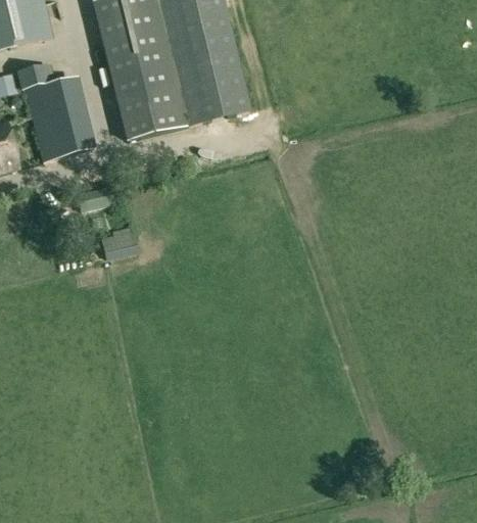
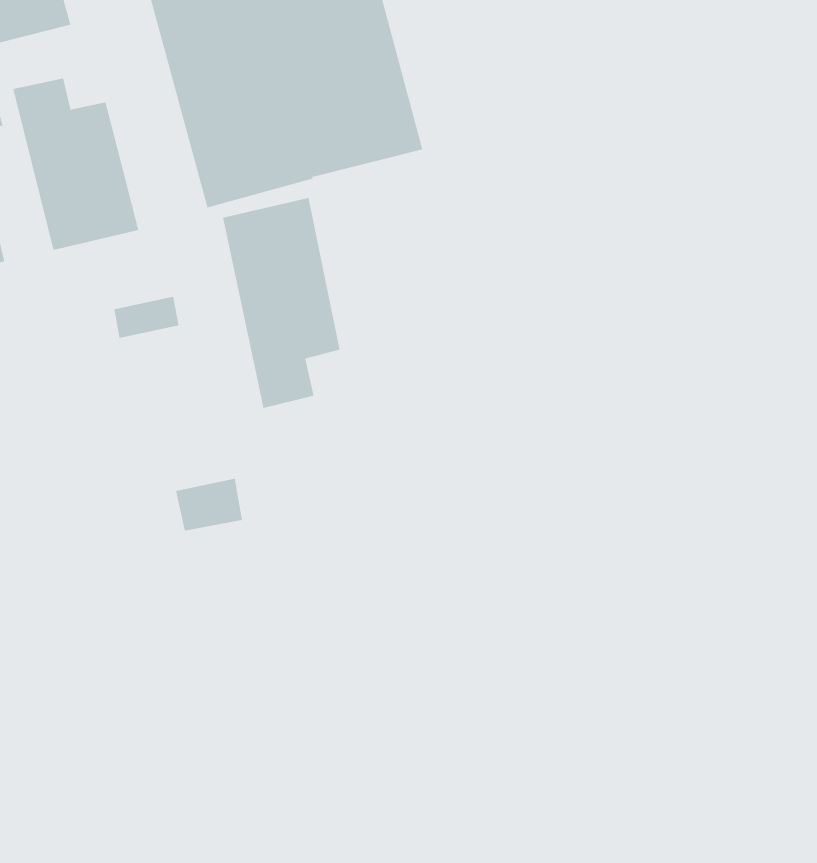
building: none -> [223,197,340,409]
building: [100,229,138,258] -> [175,478,243,531]

